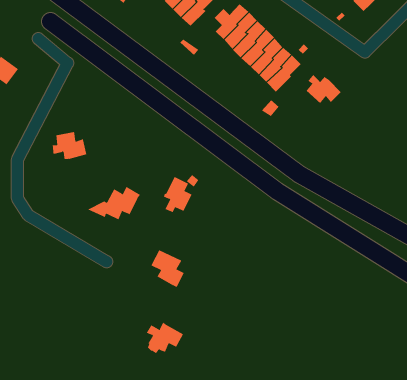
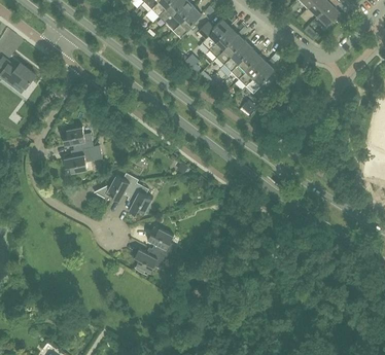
building: [306,74,341,104] -> none
building: none -> [63,145,102,173]
building: [163,176,193,213] -> [127,183,151,214]
building: [146,322,184,354] -> [134,247,166,274]

